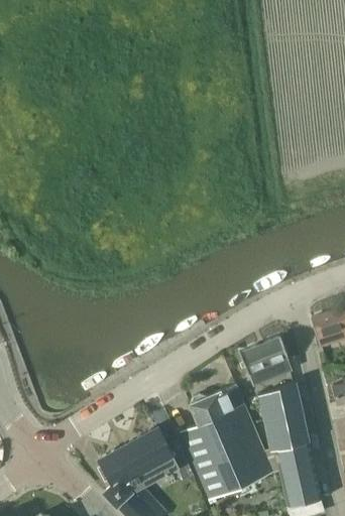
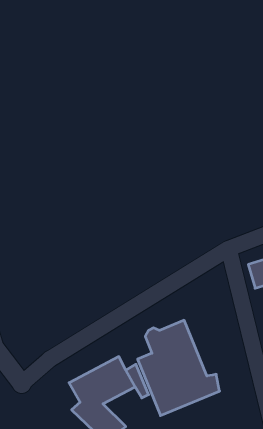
building: [241,338,291,384] -> none
building: [258,381,321,506] -> none

